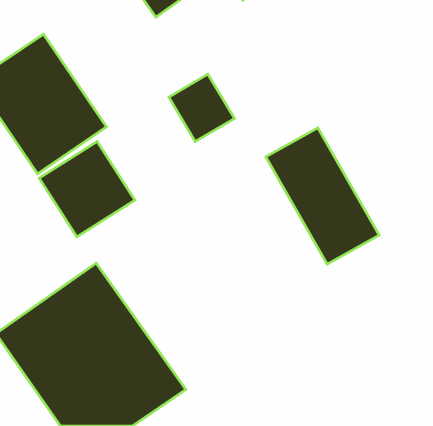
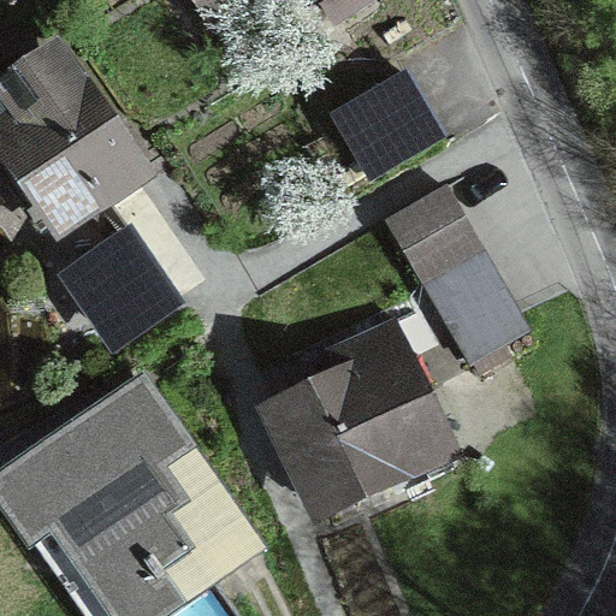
building: [169,74,234,141] -> [346,63,439,158]
building: none -> [259,308,464,533]

